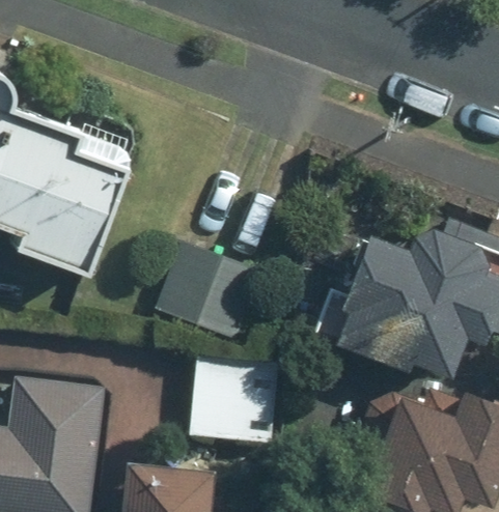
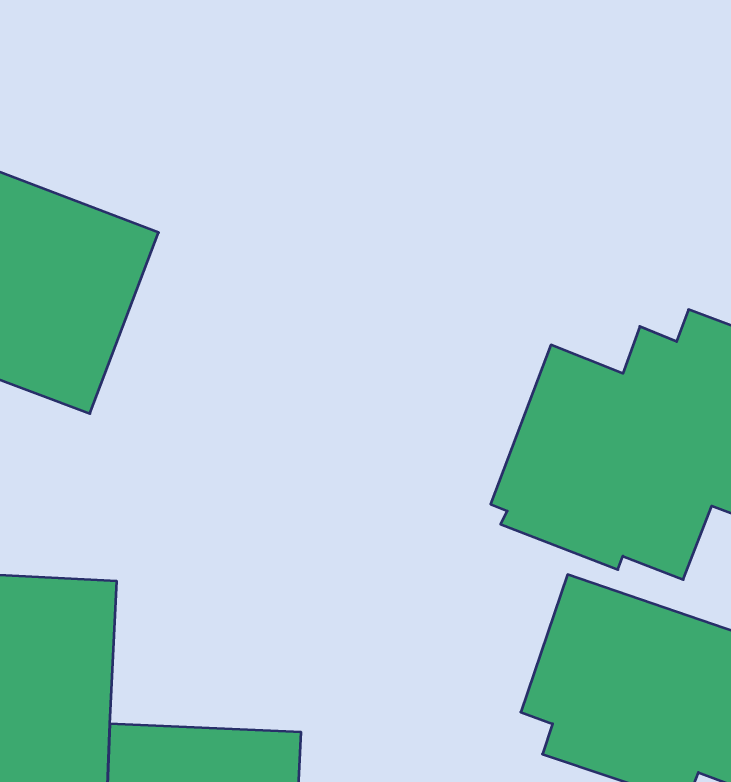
building: [157,238,265,337] -> none
building: [196,362,278,438] -> none

